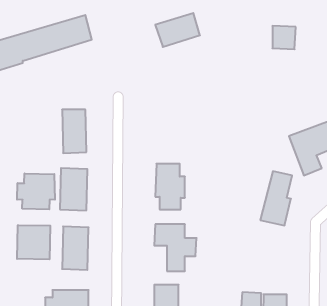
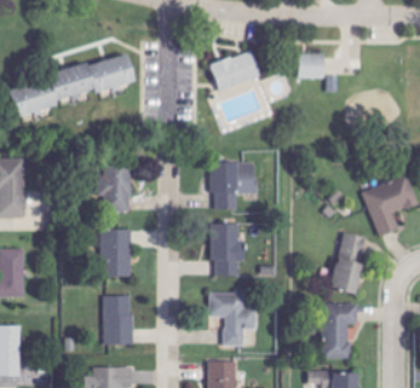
building: [272,26,296,49] -> [299,53,326,80]
building: none -> [209,160,255,208]
building: [17,173,55,209] -> none
building: [17,225,50,259] -> none
building: none -> [321,302,358,358]

